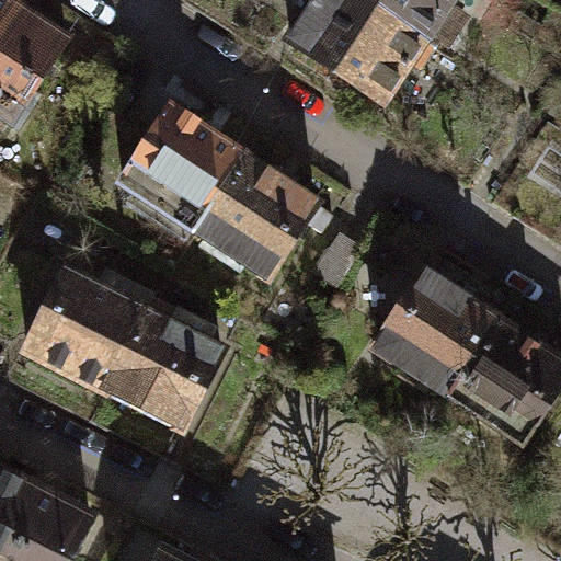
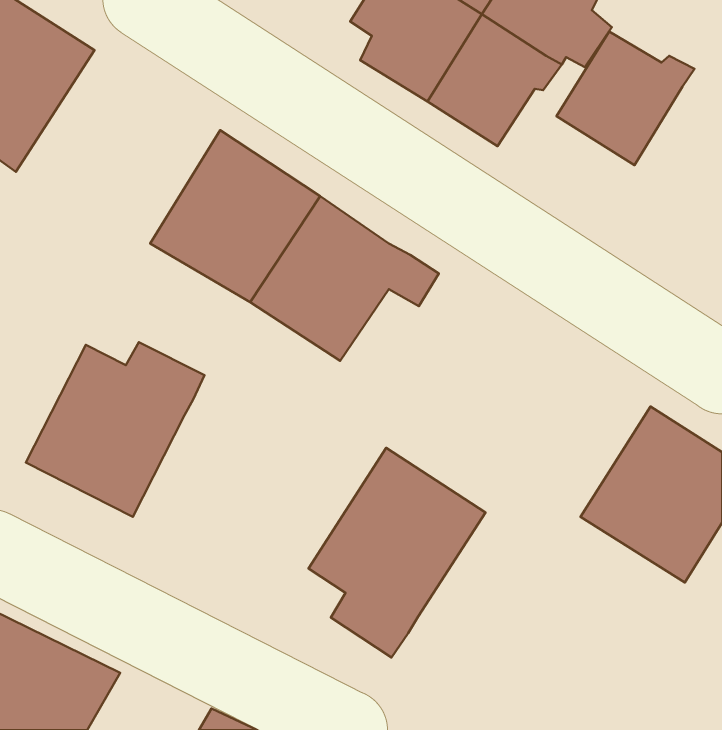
building: none -> [557,31,695,165]
building: [368,263,499,396] -> none
building: [102,287,221,430] -> none
building: none -> [309,448,486,657]

